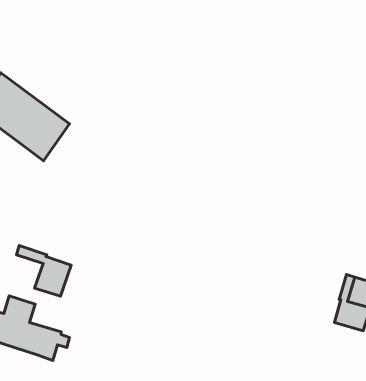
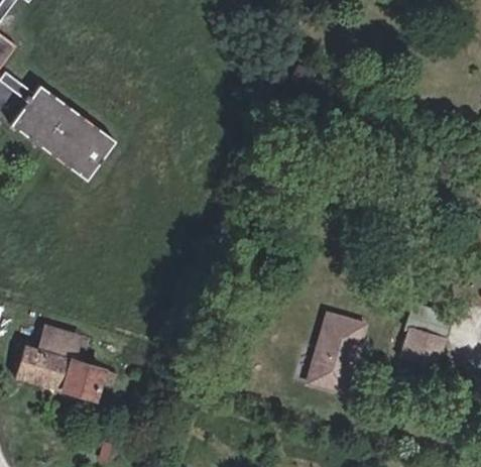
building: [16,245,71,296] -> none
building: none -> [308,314,363,390]

